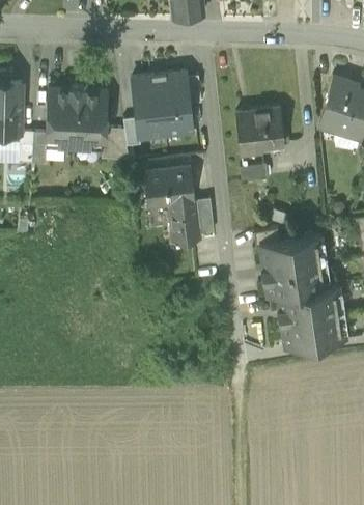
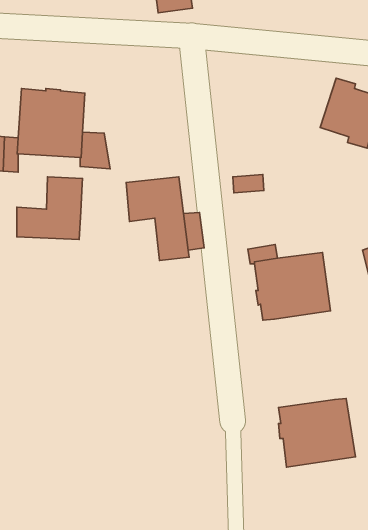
building: [132,68,195,137] -> none
building: [236,110,284,156] -> none
building: none -> [17,177,83,239]
building: [278,288,347,350] -> [279,398,355,467]

